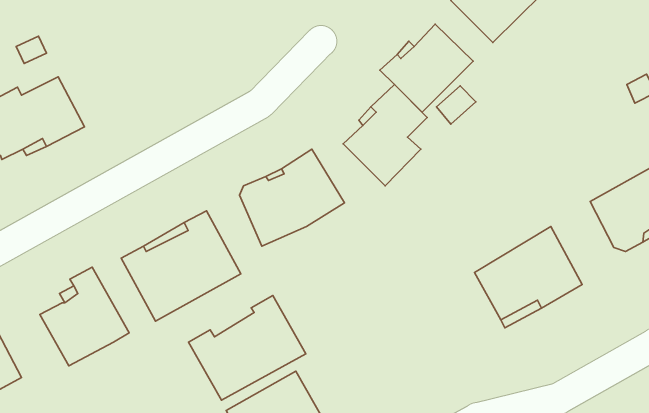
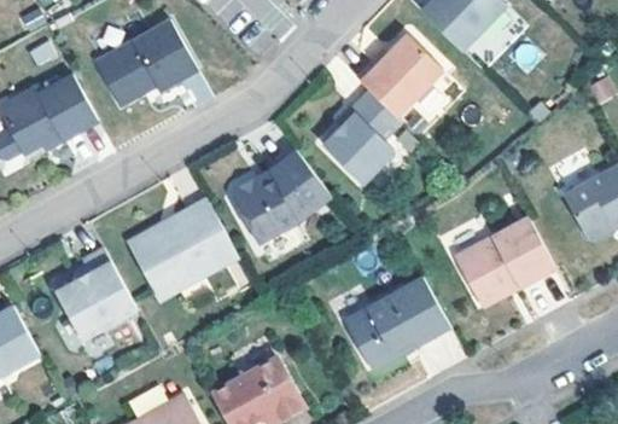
building: none -> [91,25,194,112]
building: none -> [342,277,445,371]
building: [189,296,306,400] -> none

